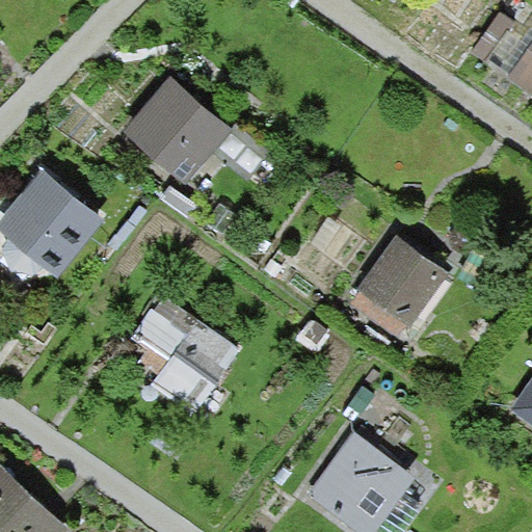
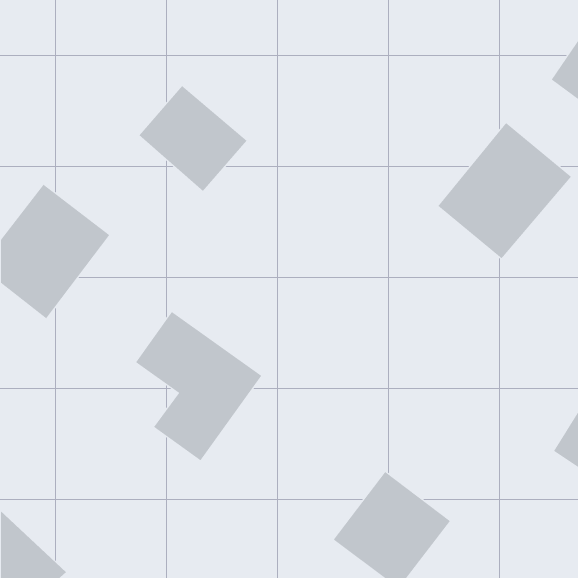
building: none -> [438,122,572,259]
building: [345,233,445,335] -> none

